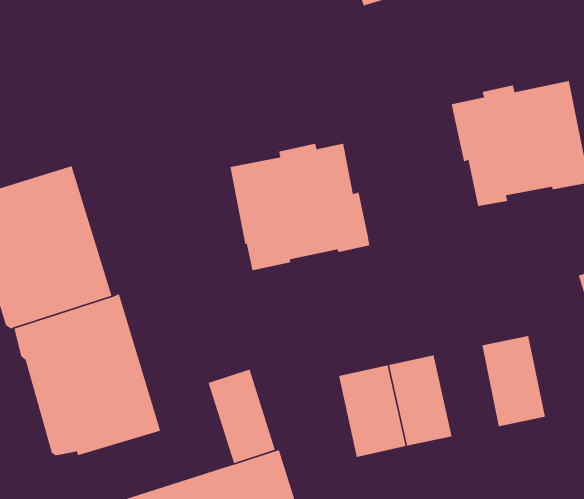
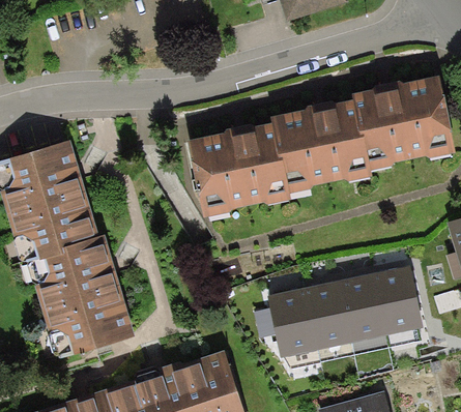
building: none -> [269,99,372,194]
building: none -> [339,273,386,342]
building: [207,369,276,464] -> none

